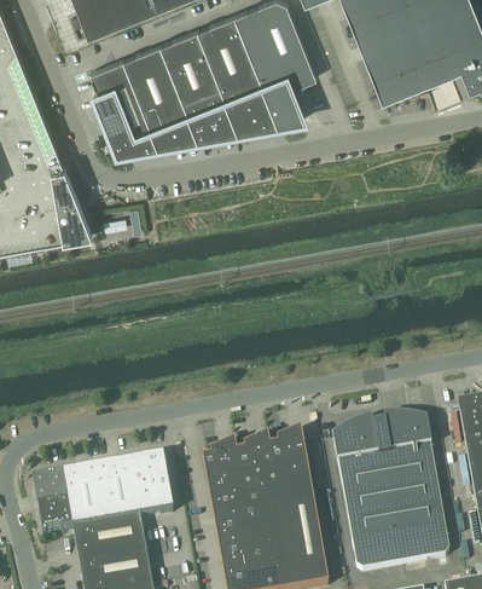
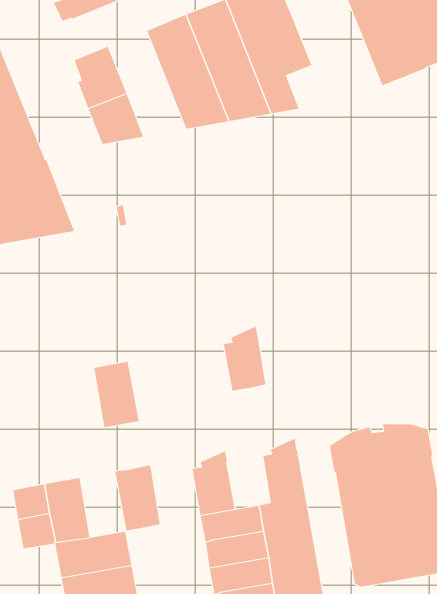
building: [123,45,197,145] -> none
building: [236,437,277,498] -> [223,326,266,391]
building: [97,462,140,525] -> [94,361,140,428]

